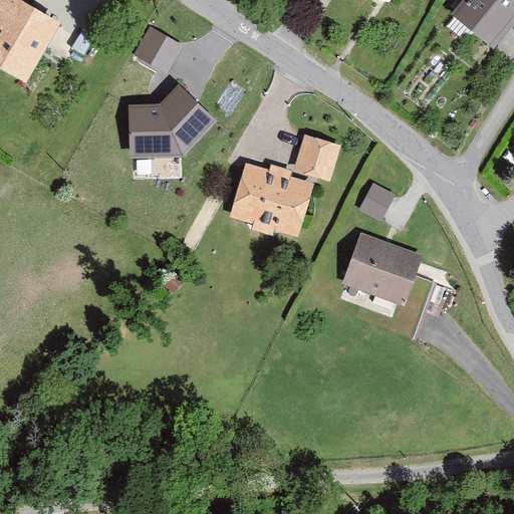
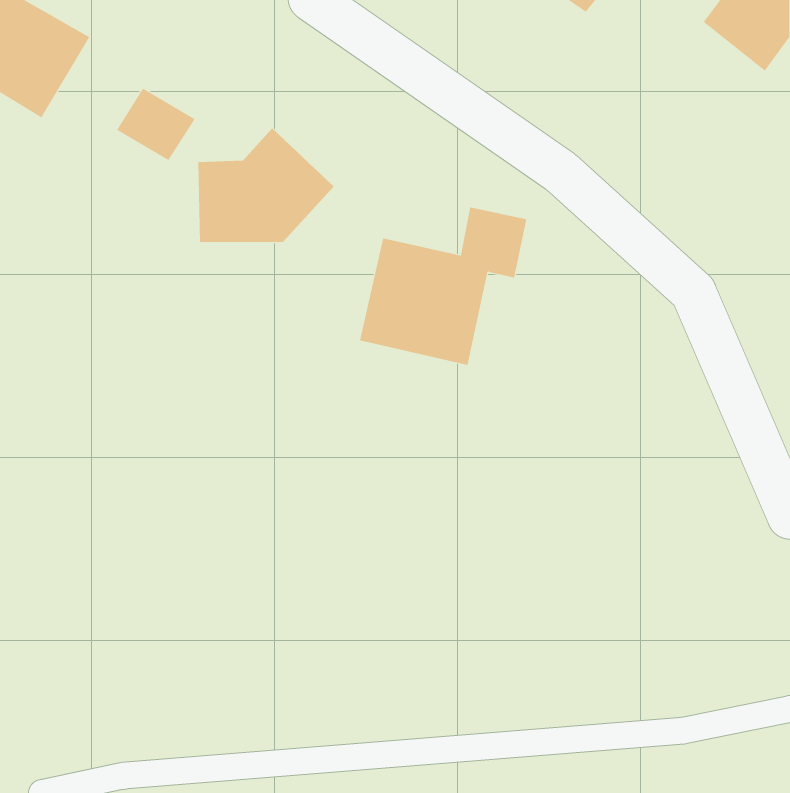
building: [130,25,181,72] -> [116,88,195,161]
building: [359,179,396,218] -> none
building: [331,233,421,311] -> none

